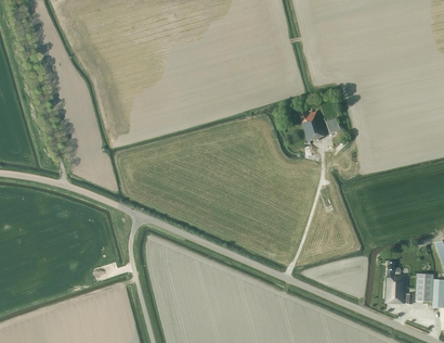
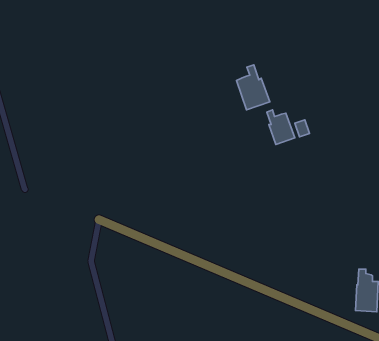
building: none -> [236,65,270,110]

